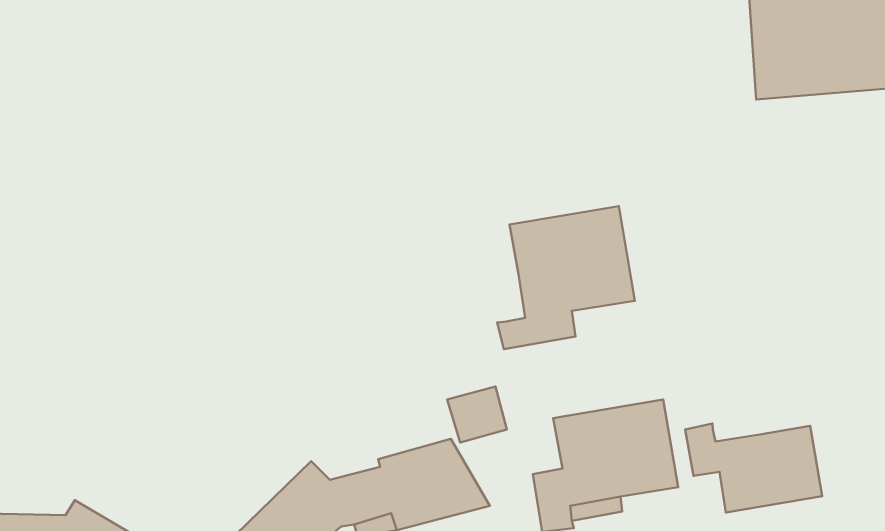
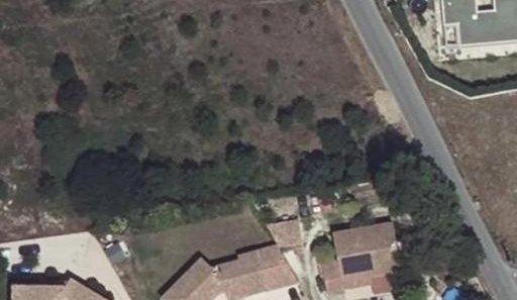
building: [497,206,635,349] -> none
building: [685,424,822,513] -> none

